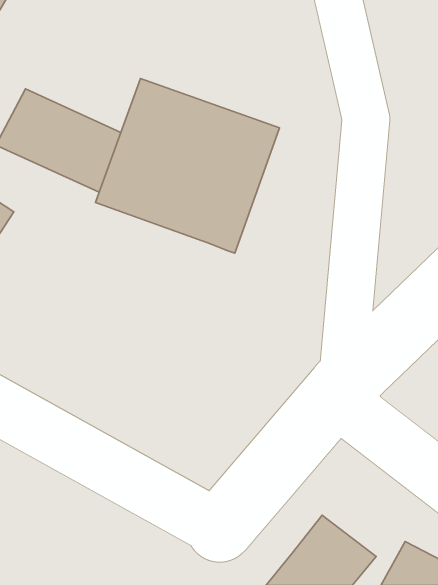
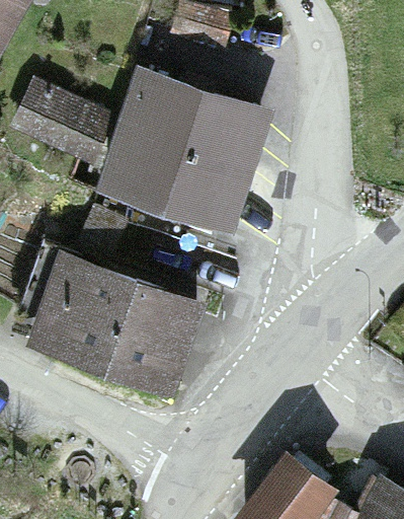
building: none -> [27,251,206,395]

